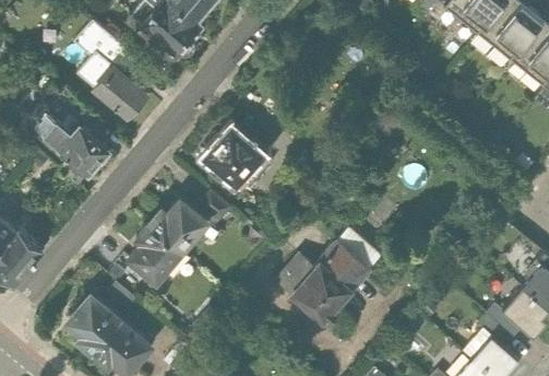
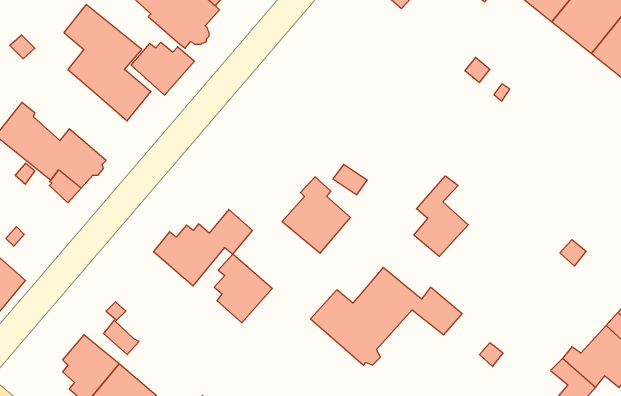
building: none -> [131,42,194,95]
building: [205,120,262,184] -> [282,177,351,253]
building: none -> [414,176,468,257]
building: [133,226,181,283] -> [214,254,272,323]

